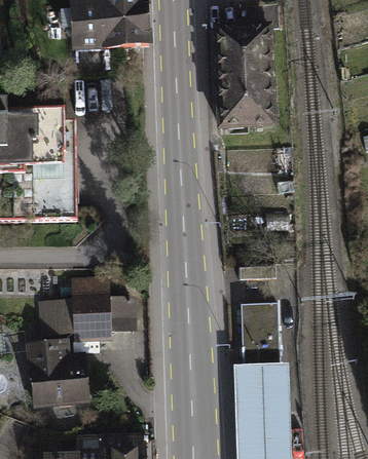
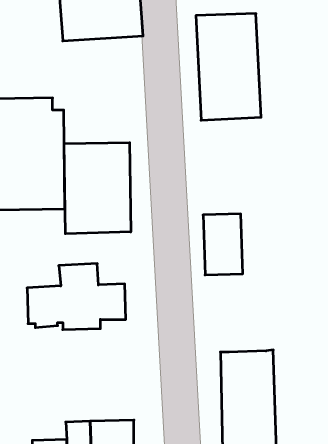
building: none -> [64,143,131,234]
building: [240,303,280,365] -> [203,214,243,275]
building: [27,338,90,409] -> none

